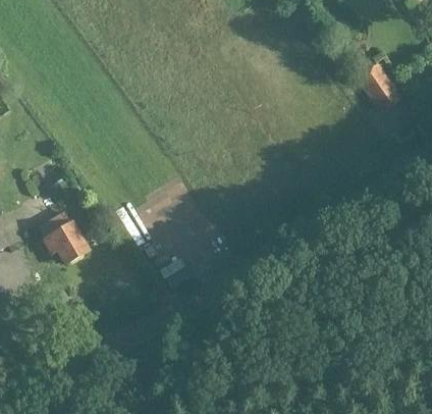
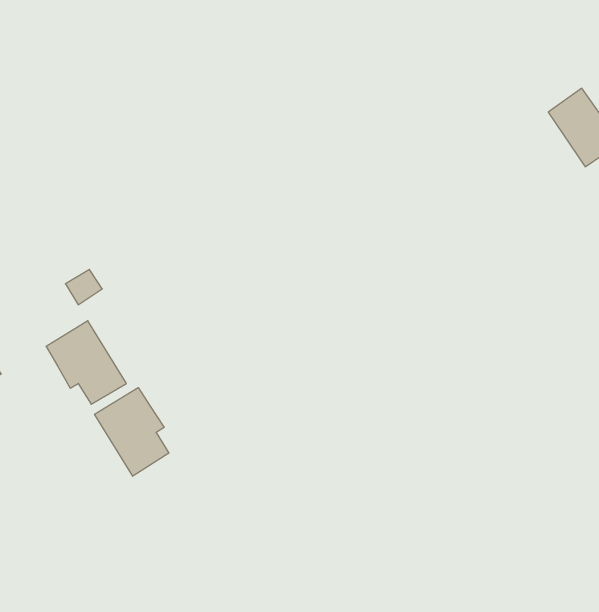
building: none -> [95,388,169,476]

